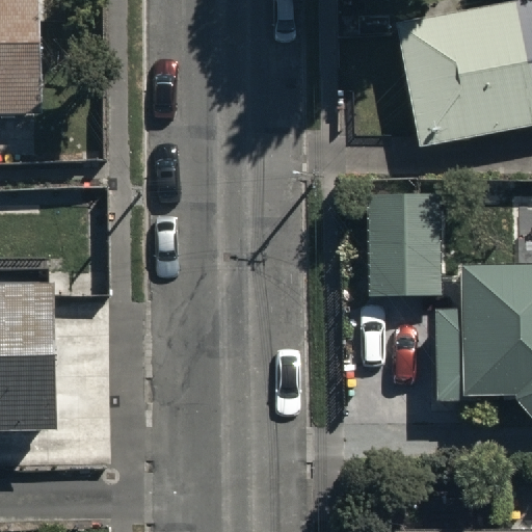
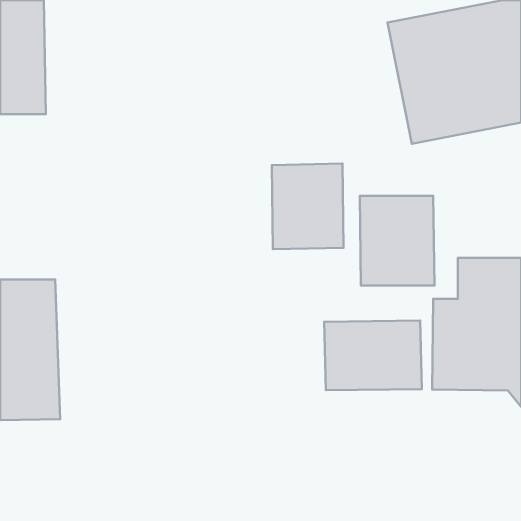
building: none -> [272,164,344,249]
building: none -> [324,321,422,390]

